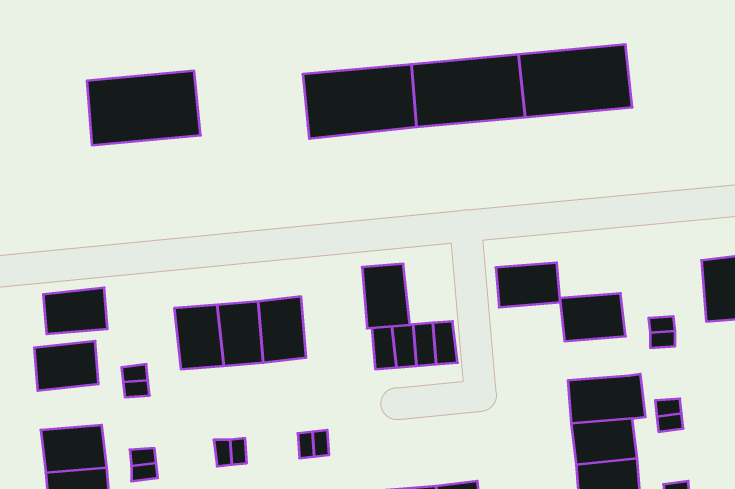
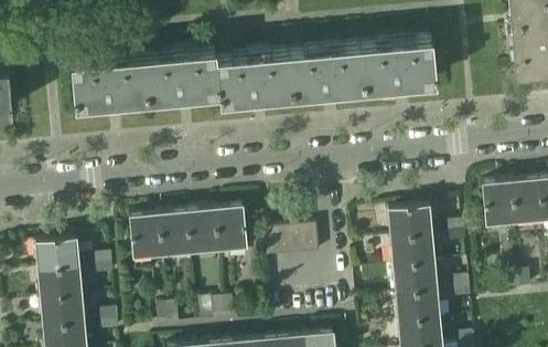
building: none -> [143,51,219,101]
building: [496,263,560,307] -> [391,235,434,265]
building: [362,264,410,328] -> [215,207,247,250]
building: [43,288,107,334] -> [39,267,82,298]

